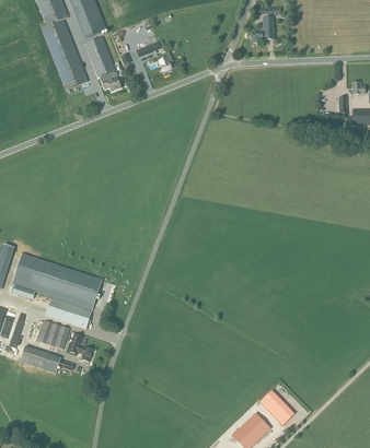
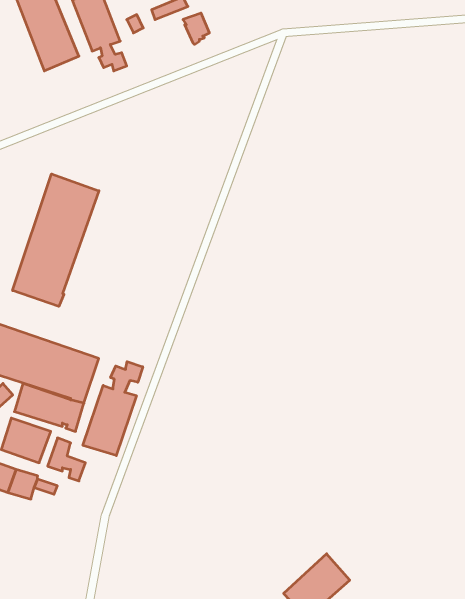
building: none -> [13,174,99,306]
building: none -> [83,362,143,456]
building: [259,389,294,425] -> none

